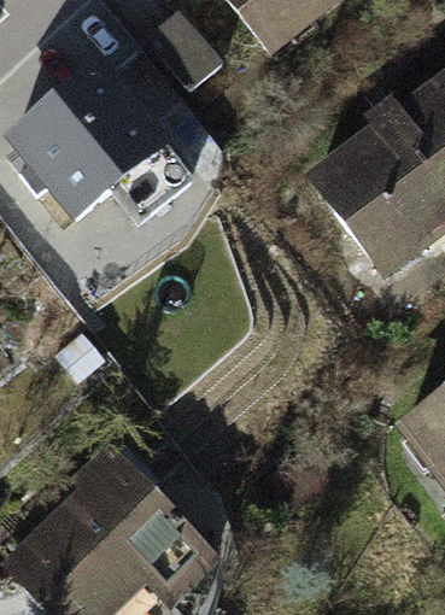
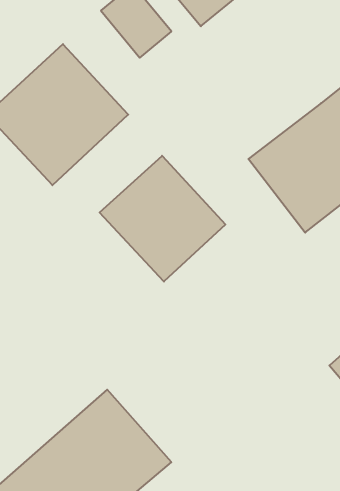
building: none -> [100,156,225,282]

